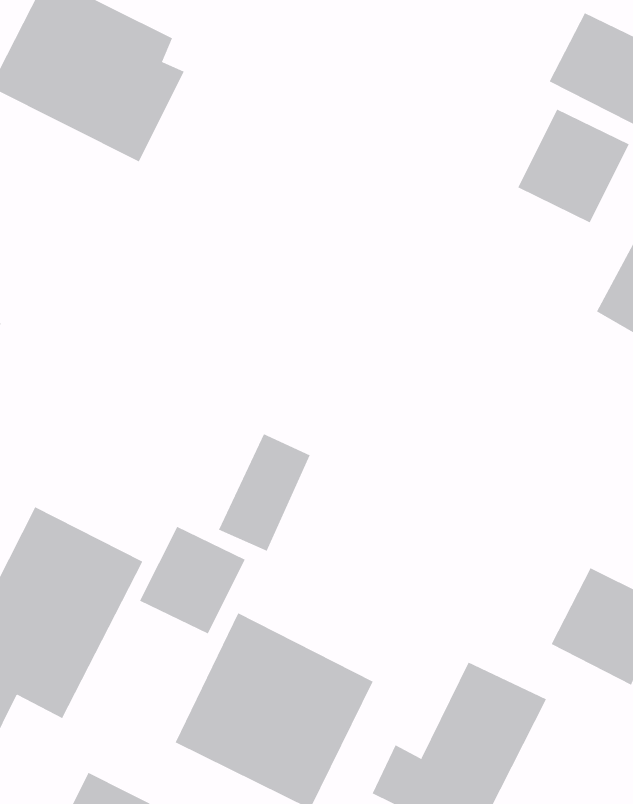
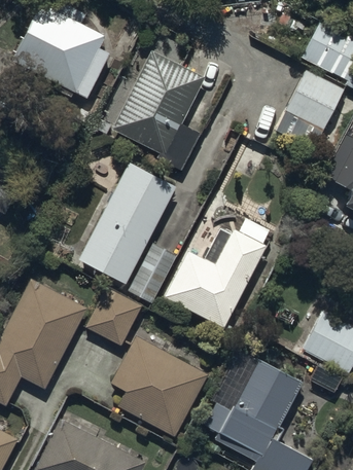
building: none -> [110,49,203,166]
building: none -> [77,161,174,283]
building: none -> [164,229,266,328]

